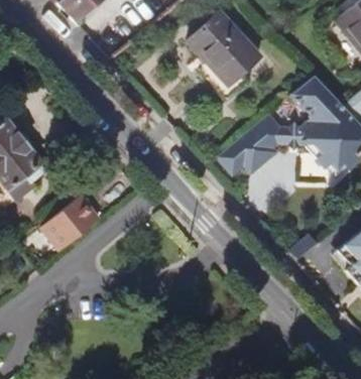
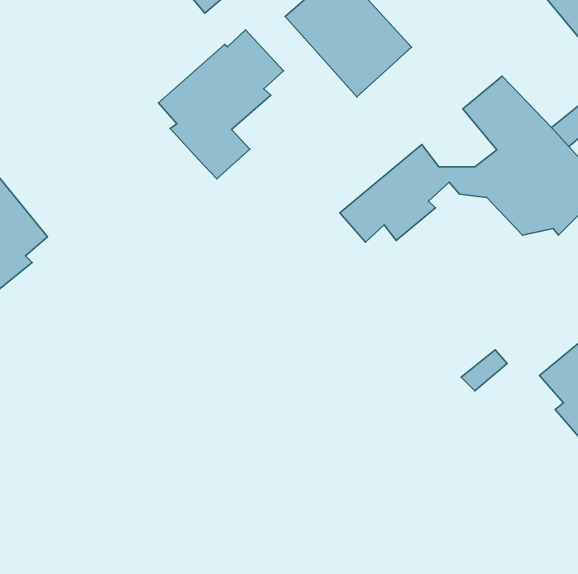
building: none -> [159,30,284,179]
building: [41,195,100,250] -> none

